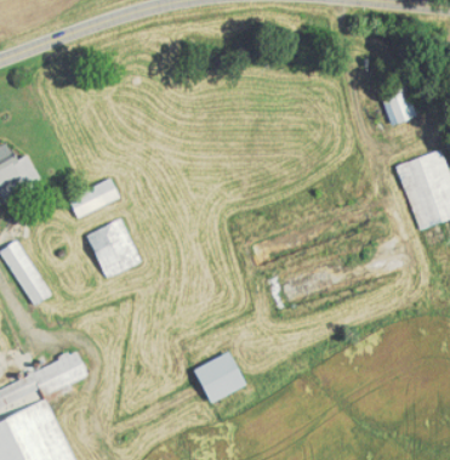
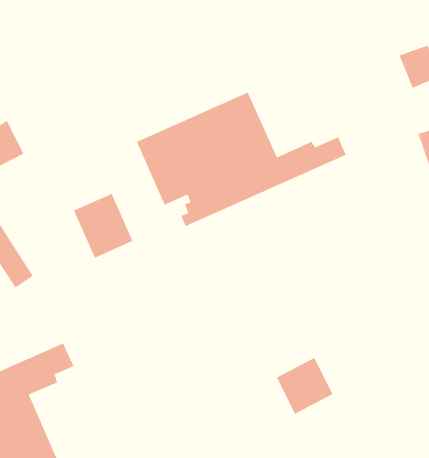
building: none -> [136,92,347,227]
building: [68,178,119,217] -> none
building: [193,351,245,403] -> [276,357,334,415]

